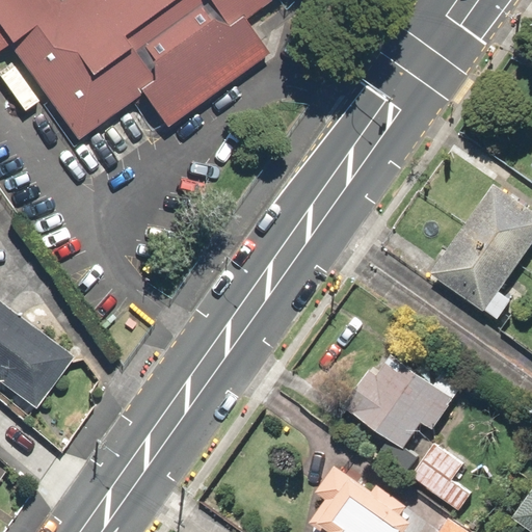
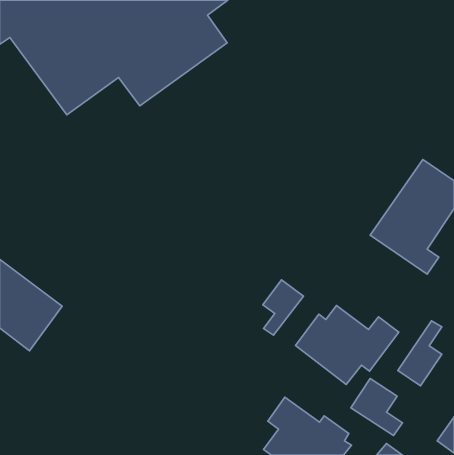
building: none -> [263,280,303,335]
building: none -> [398,321,442,386]

